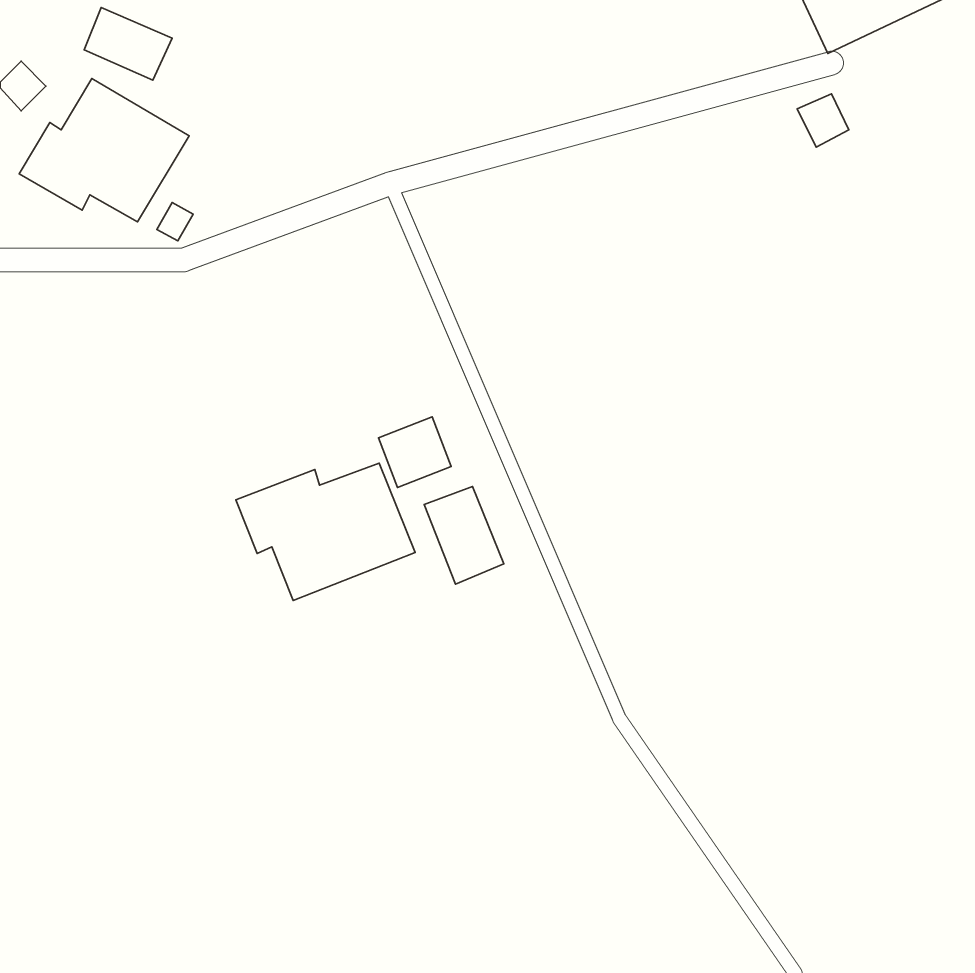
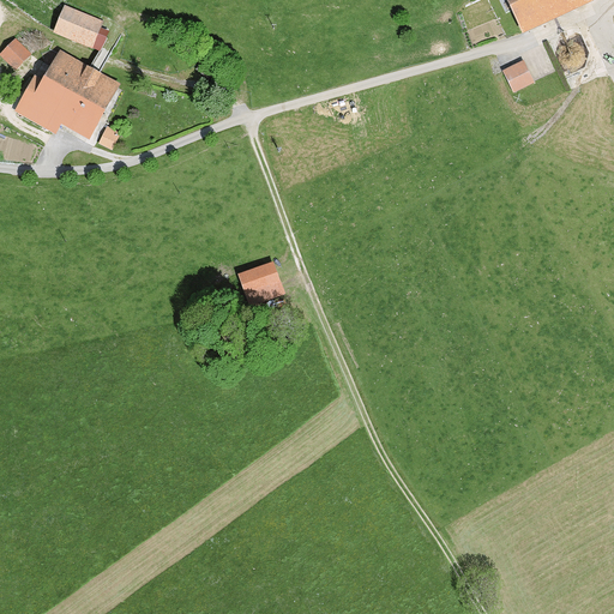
building: [236,463,415,601] -> none
building: [424,487,504,584] -> none

